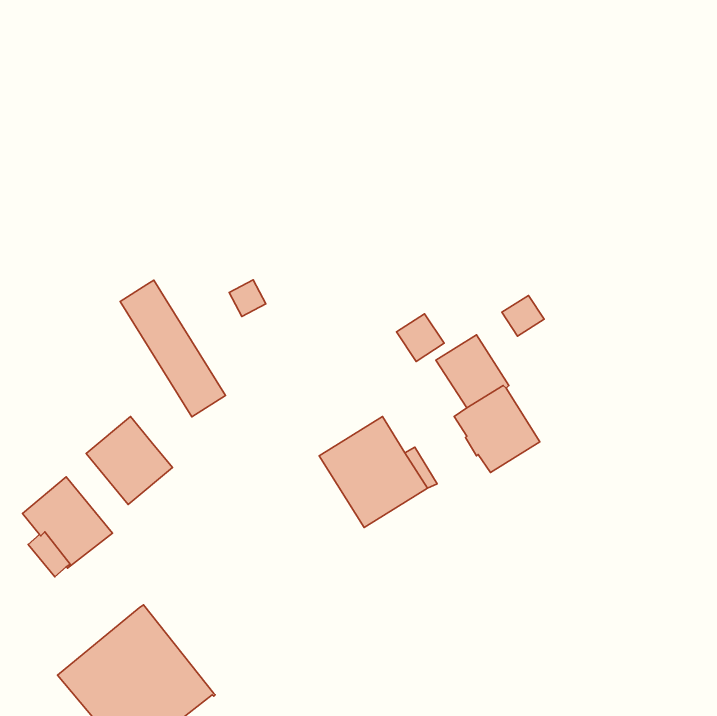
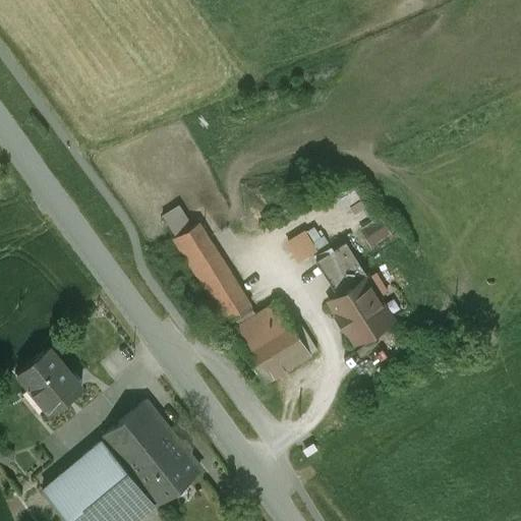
building: [120,280,225,417] -> [175,225,251,324]
building: [86,417,173,504] -> none
building: none -> [103,401,200,505]

